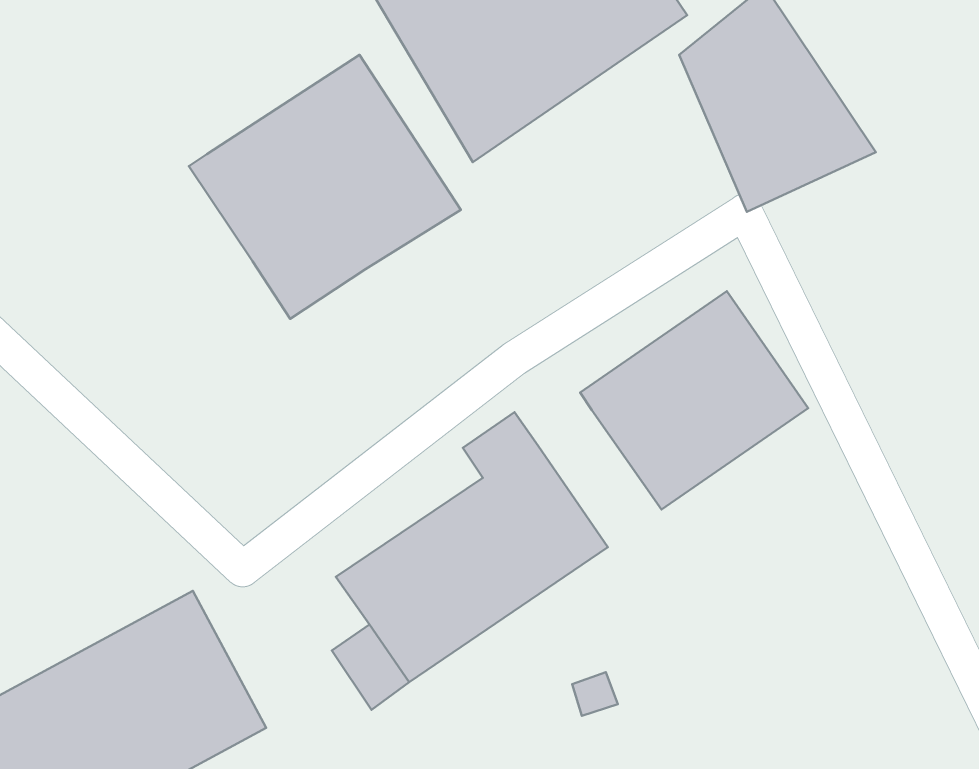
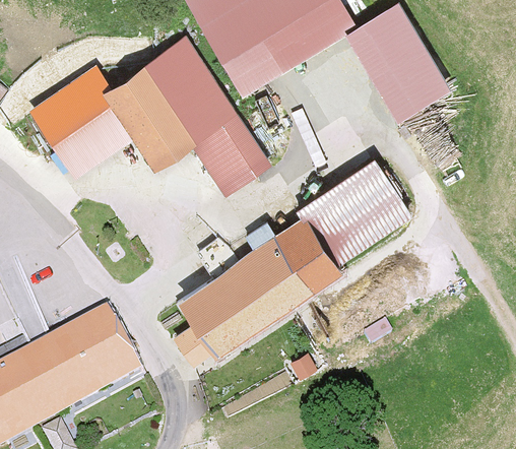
building: none -> [28,67,132,180]
building: none -> [190,116,272,198]
building: none -> [278,218,341,288]

